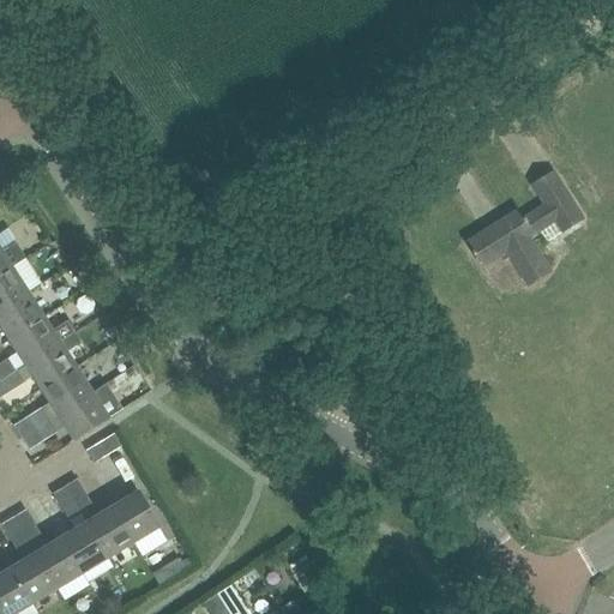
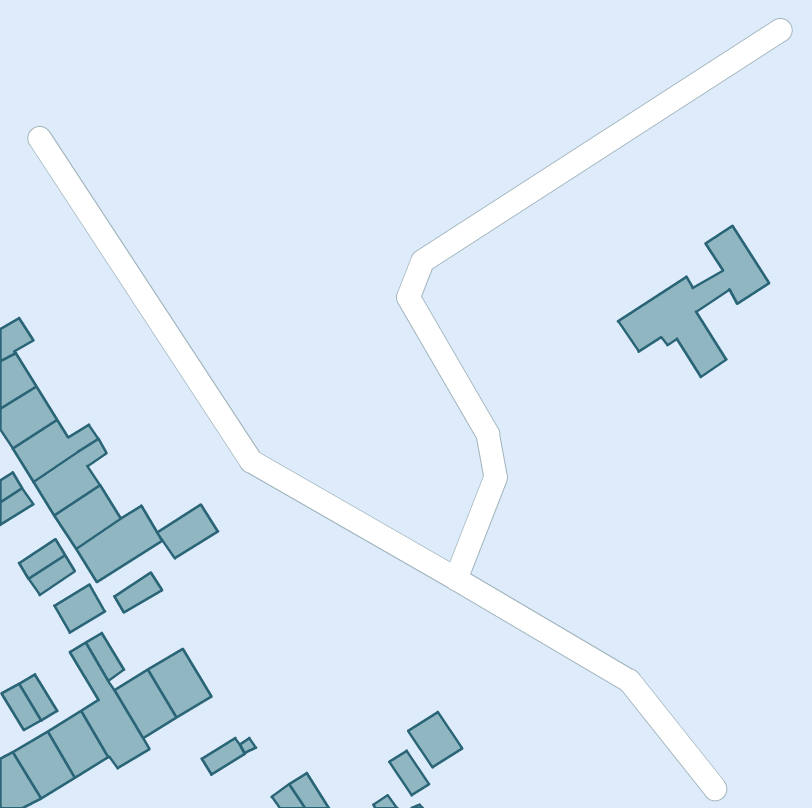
building: none -> [157,505,218,558]
building: none -> [54,585,105,633]
building: none -> [408,712,462,767]

